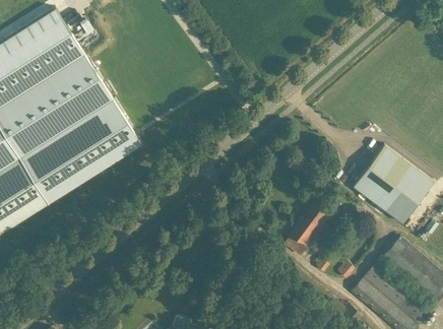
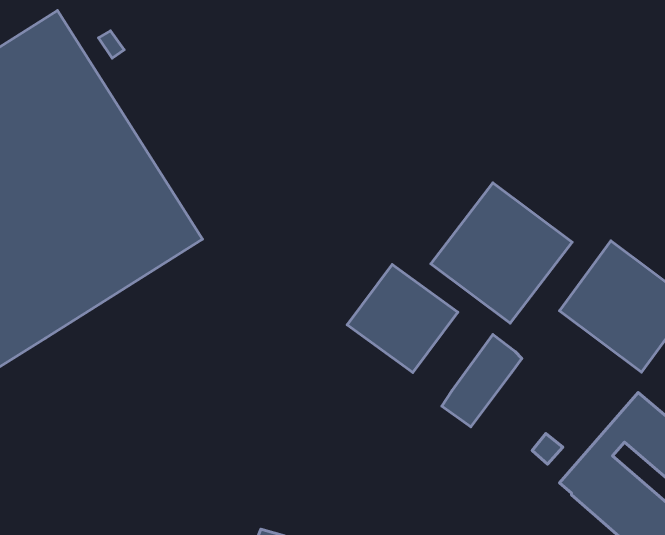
building: none -> [431,183,572,323]
building: none -> [347,265,458,372]

